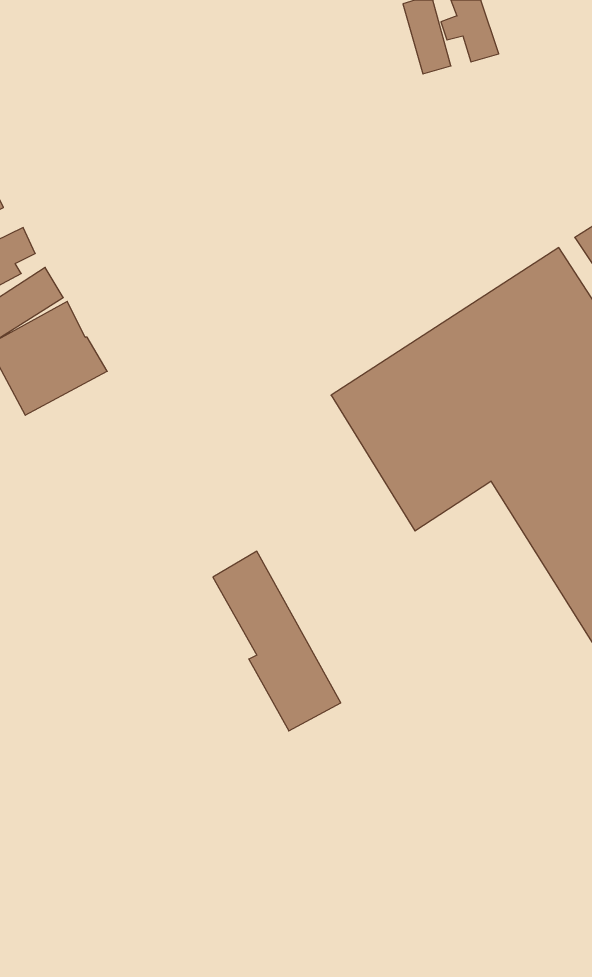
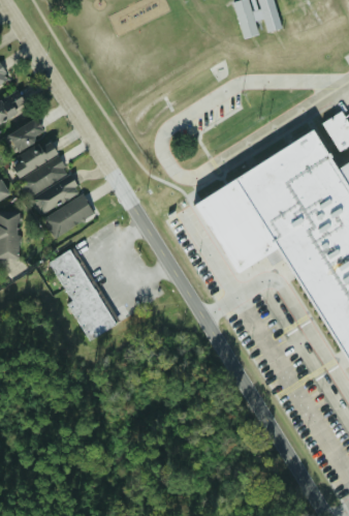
building: none -> [42,193,95,239]
building: [213,551,341,731] -> [50,248,116,341]

